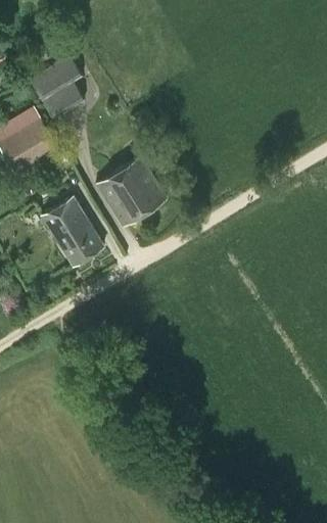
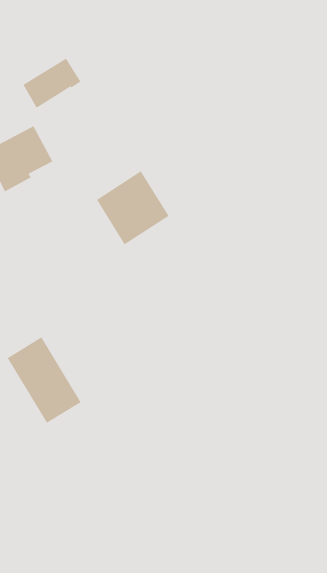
building: [43,81,86,120] -> none
building: [35,188,102,267] -> [7,337,82,424]

